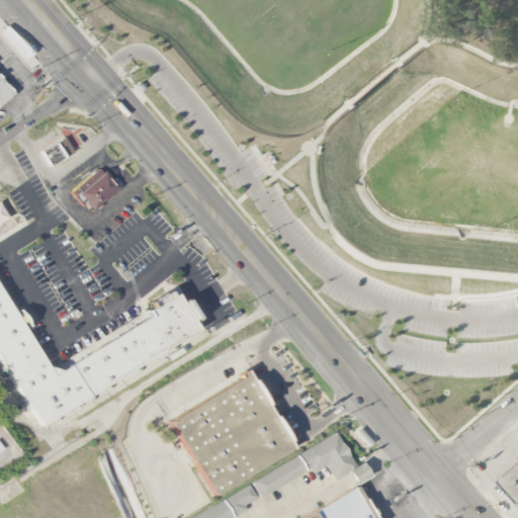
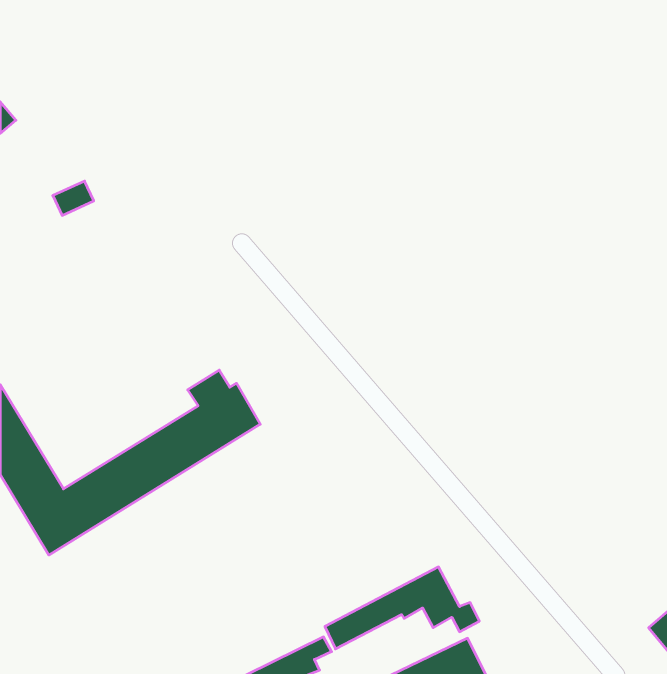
building: [78,167,124,212] -> none
building: [173,373,297,496] -> none

